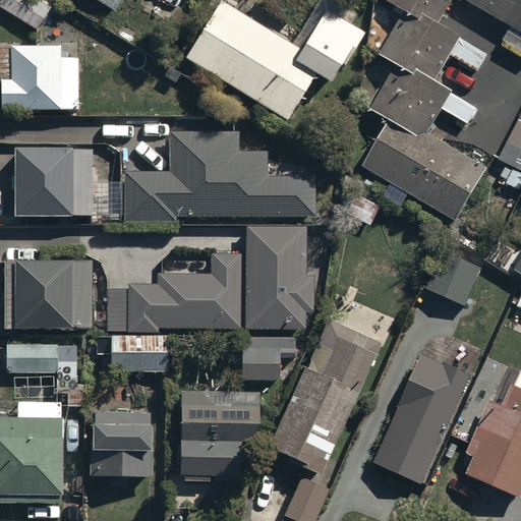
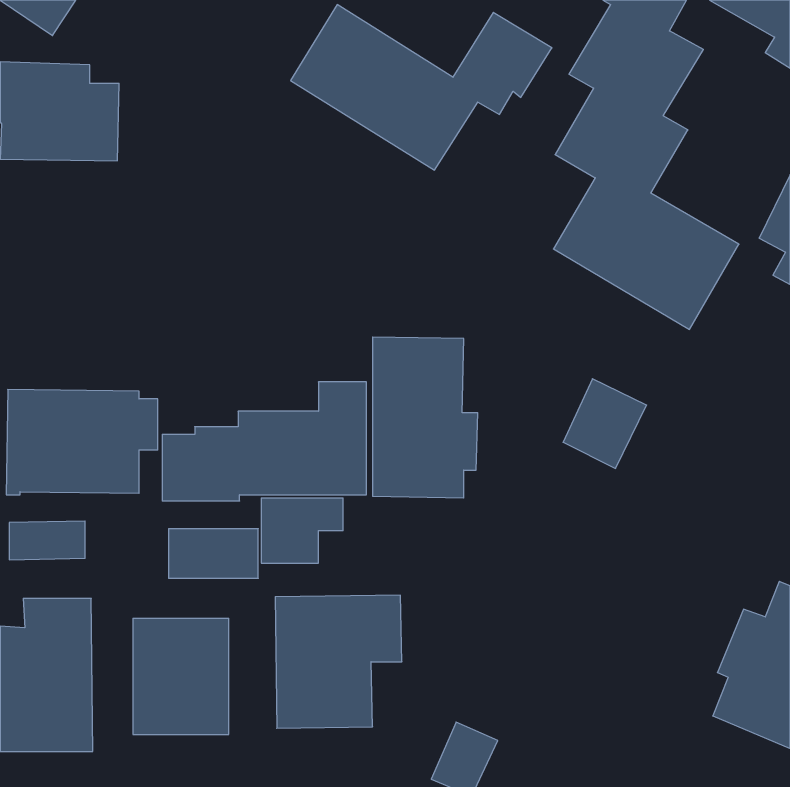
building: [14,130,314,224] -> none
building: [428,248,483,307] -> [563,379,647,468]
building: [270,323,378,469] -> none
building: [240,337,294,380] -> [261,498,343,563]
building: [374,356,469,484] -> none

